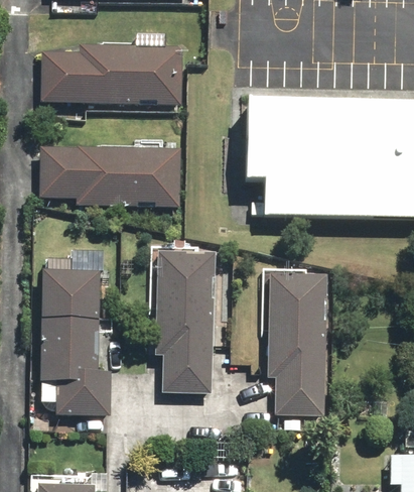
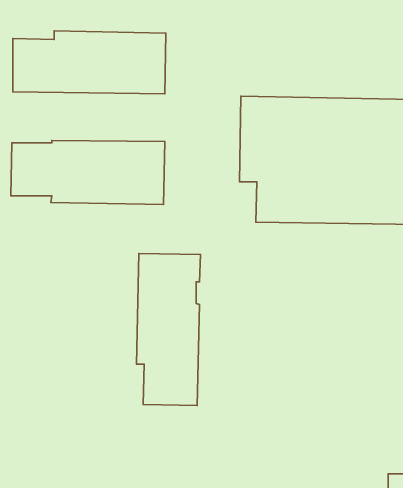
building: [39,269,111,413] -> none
building: [267,273,325,414] -> none

